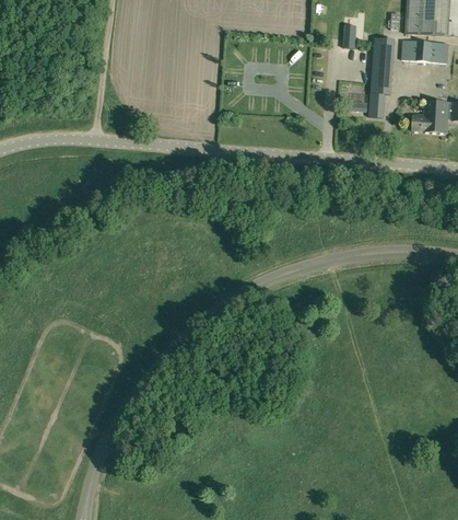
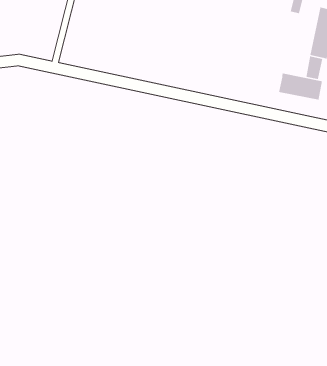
building: none -> [278,73,323,101]

